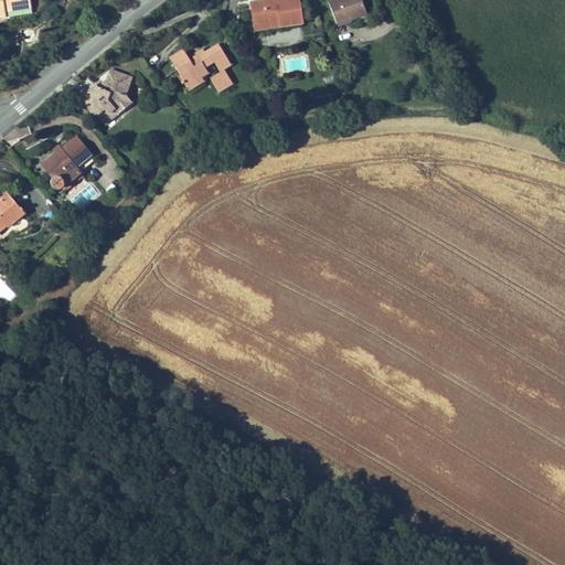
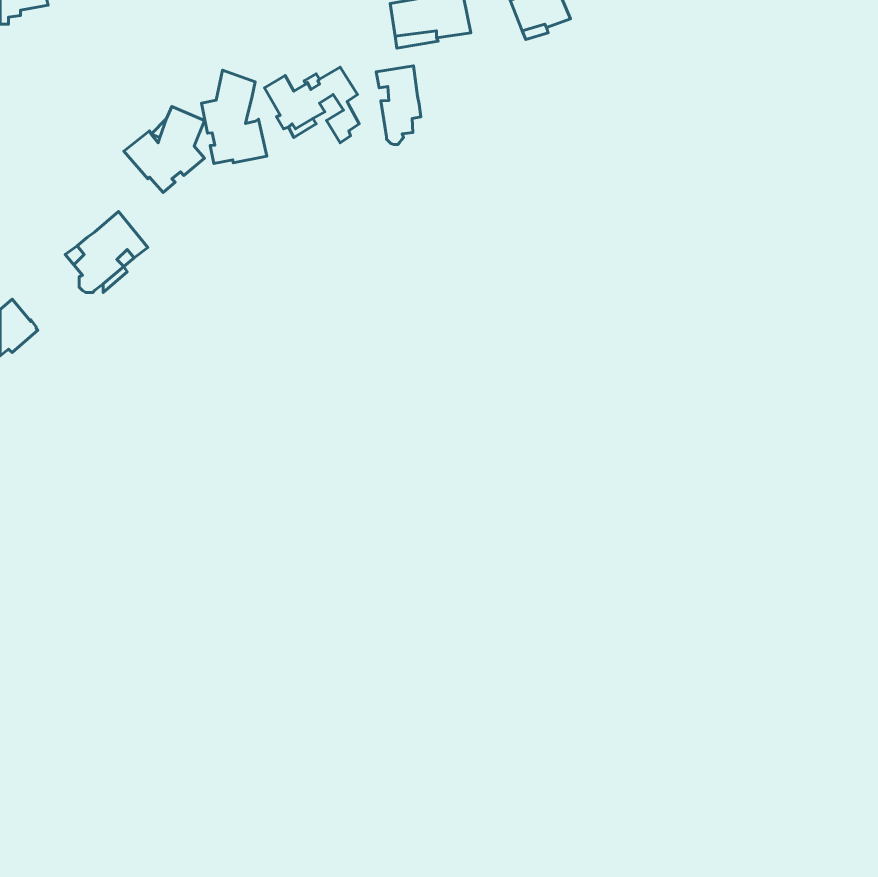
building: none -> [376,66,421,145]
building: none -> [202,70,267,163]

